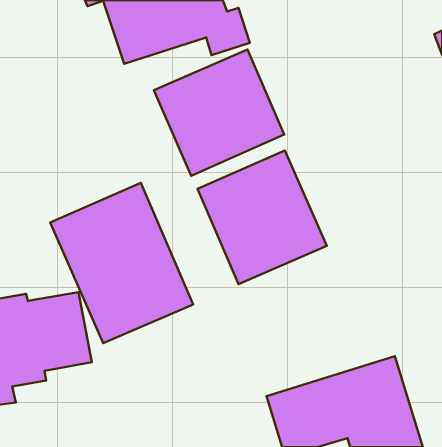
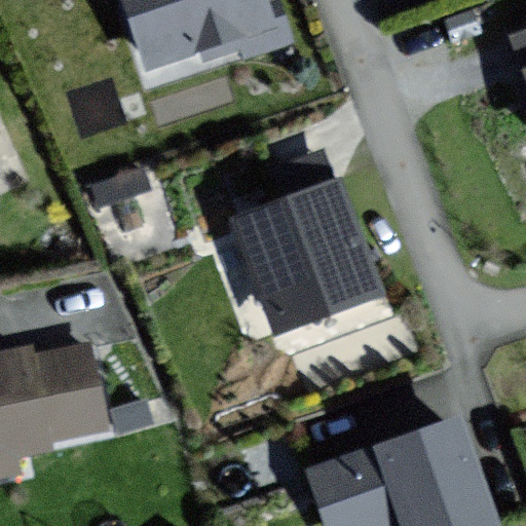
building: [154,50,284,176] -> none
building: [50,183,193,343] -> none

